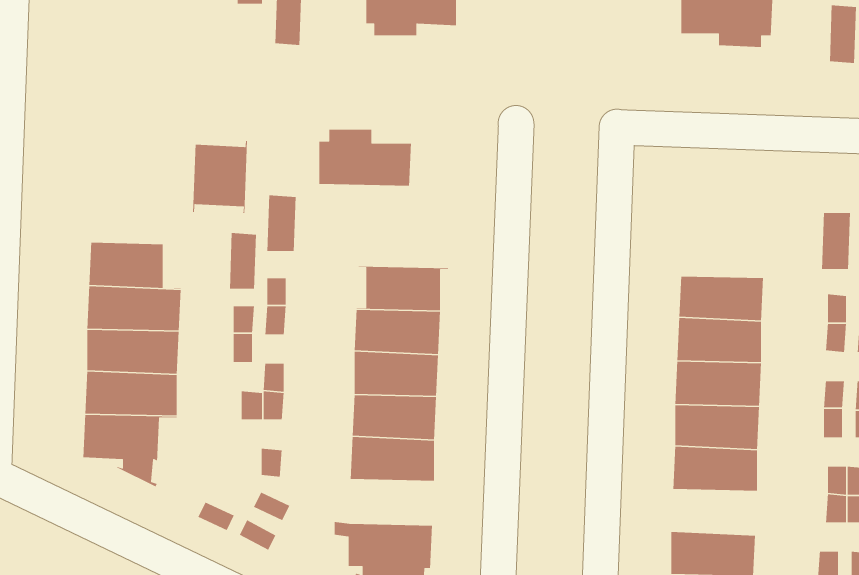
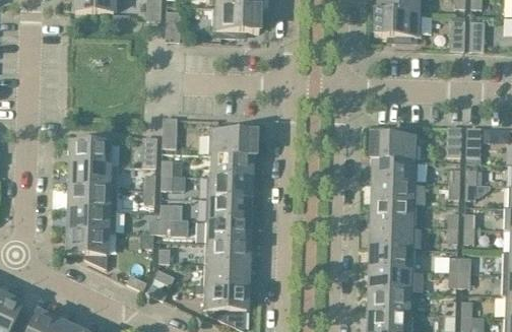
building: [319,129,412,186] -> [209,124,257,153]
building: [192,140,248,214] -> none
building: none -> [371,129,419,158]
building: none -> [205,262,249,285]
building: none -> [370,267,414,290]

